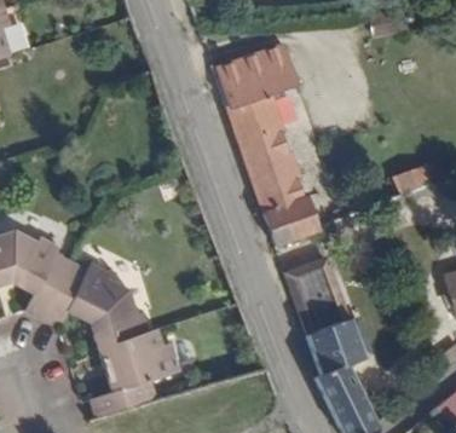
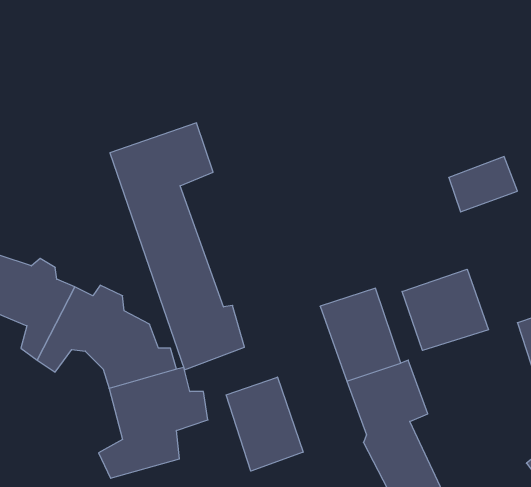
building: [210,42,319,242] -> [110,123,244,370]
building: none -> [402,269,488,350]
building: none -> [226,377,303,471]

